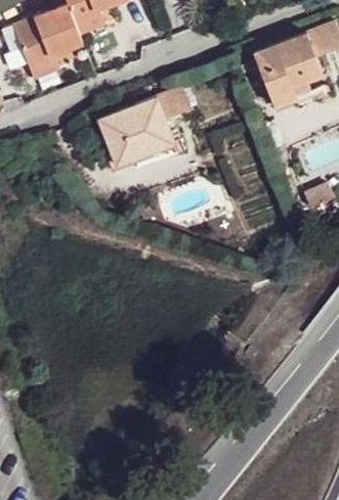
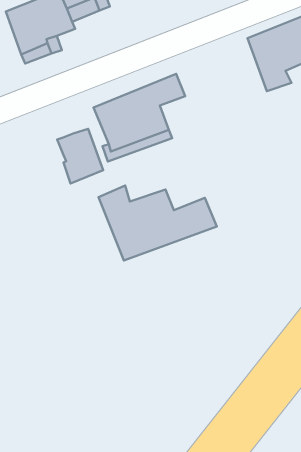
building: none -> [57,129,103,184]
building: none -> [99,185,217,261]

